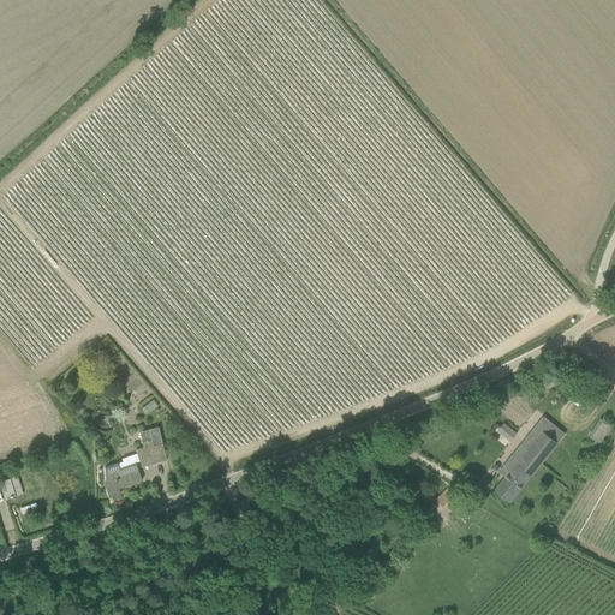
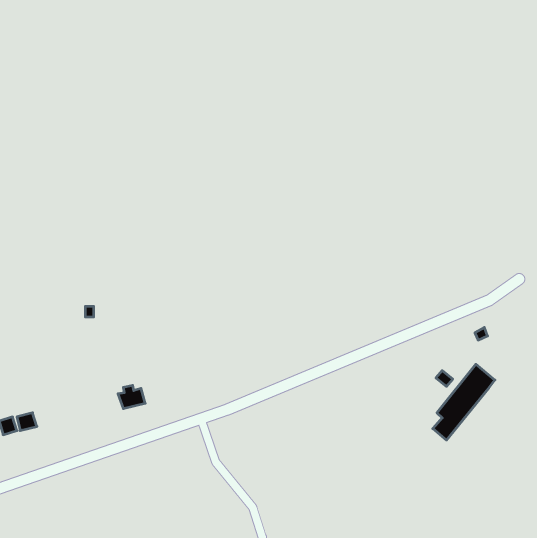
building: [103,462,141,497] -> none

